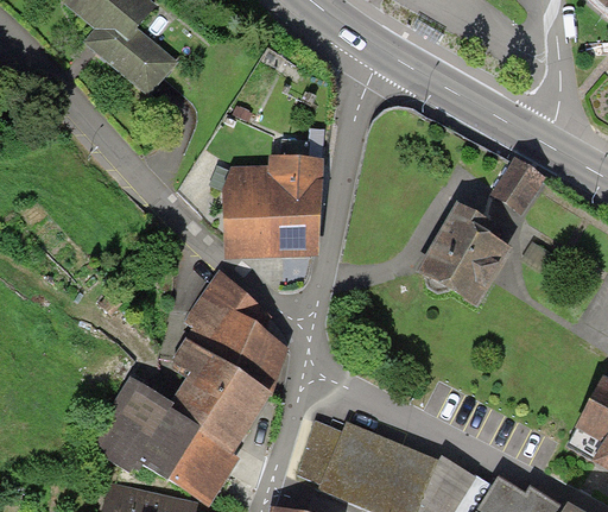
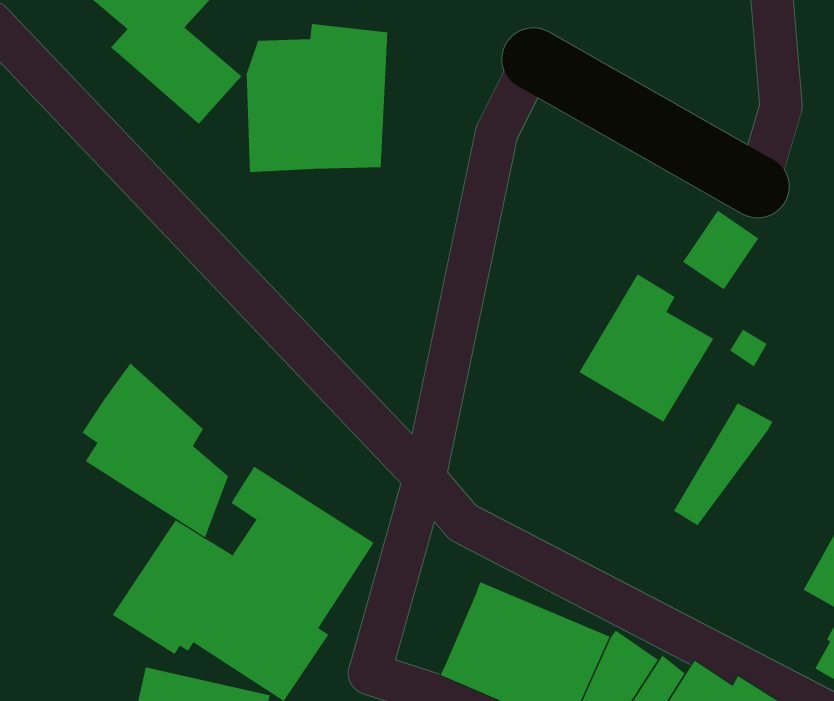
building: [223,153,324,259] -> [246,24,388,173]
building: [184,268,289,393] -> [82,362,229,538]
building: none -> [673,403,773,526]
building: [298,418,343,482] -> none

